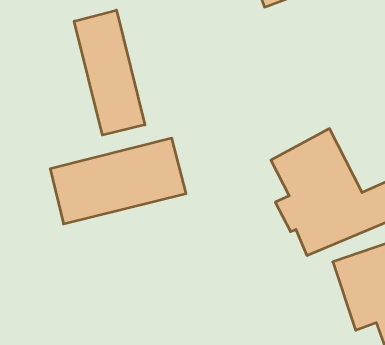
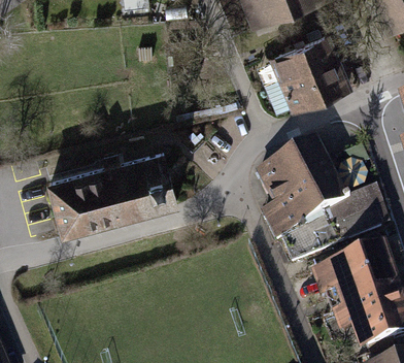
building: [74,10,145,135] -> none
building: none -> [270,37,356,112]

